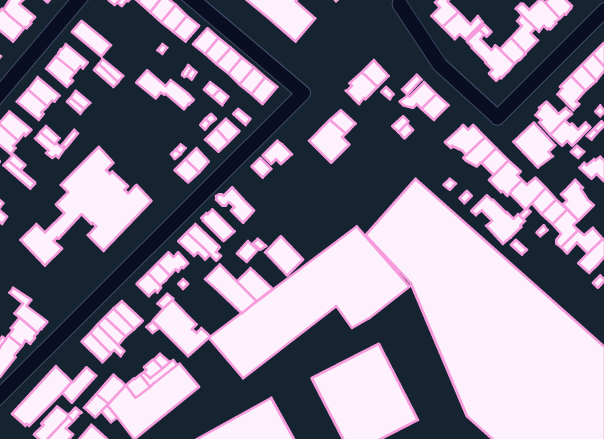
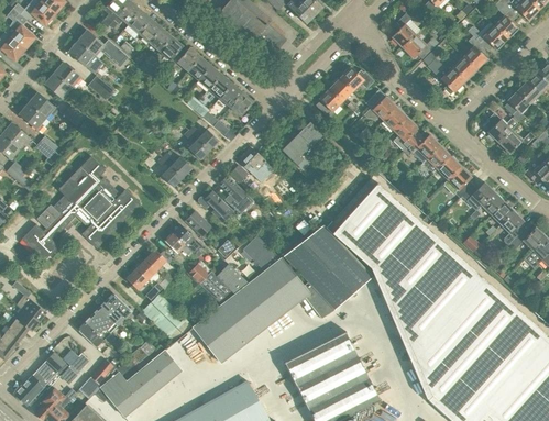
building: none -> [340,66,374,90]
building: [136,70,194,109] -> [77,30,129,65]
building: none -> [393,117,420,149]
building: [513,123,555,168] -> none
building: none -> [219,175,252,212]
building: [561,180,594,221] -> none
building: [471,195,525,244] -> none

